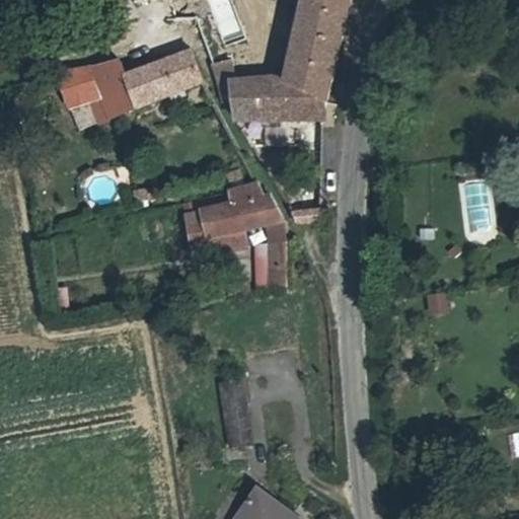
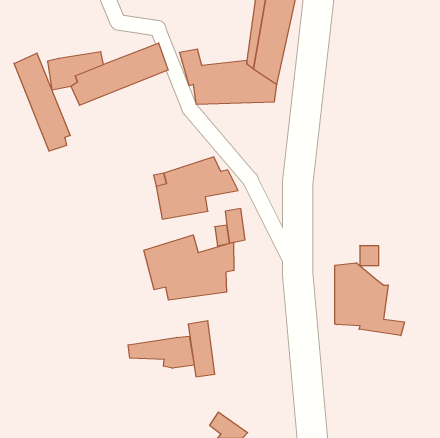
building: none -> [14,53,70,151]
building: none -> [144,235,234,300]
building: none -> [335,263,404,336]
building: none -> [128,336,194,368]

